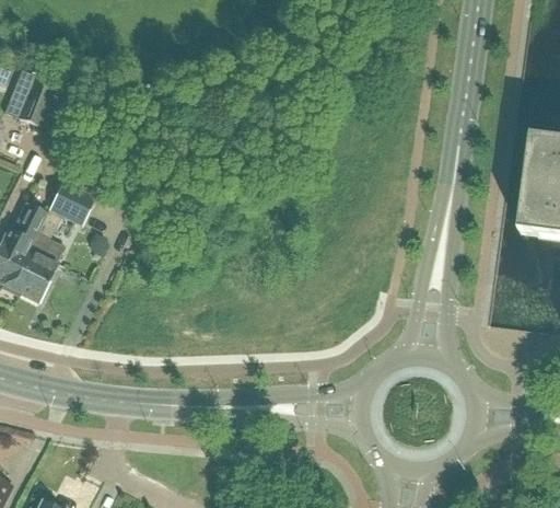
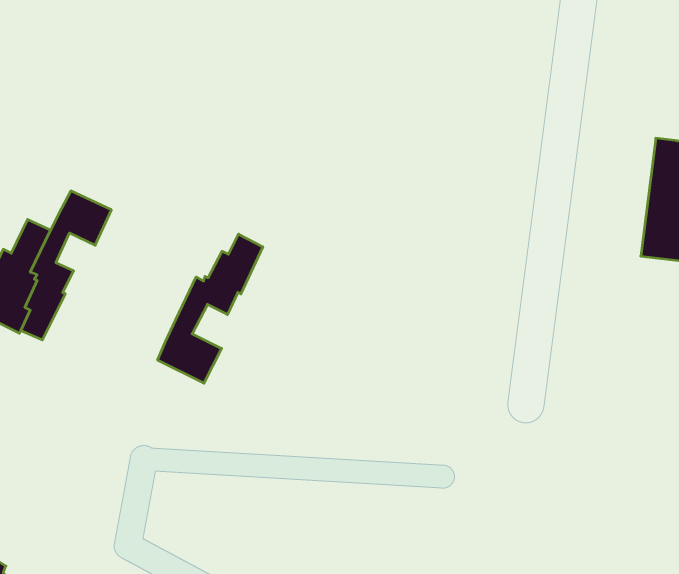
building: [12,71,55,126] -> none
building: none -> [158,234,263,383]

